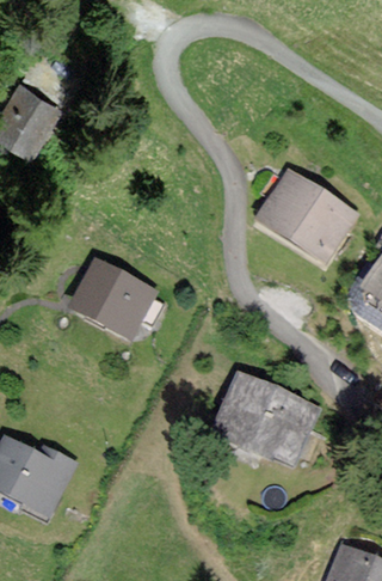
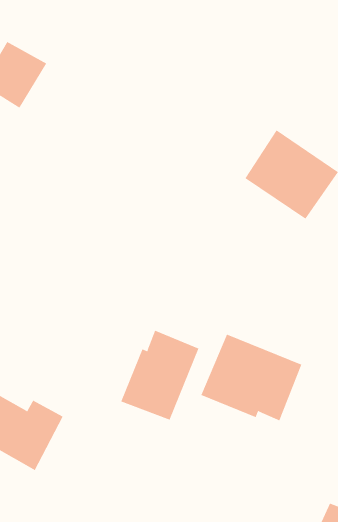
building: [72,261,154,337] -> none
building: none -> [121,330,199,421]

